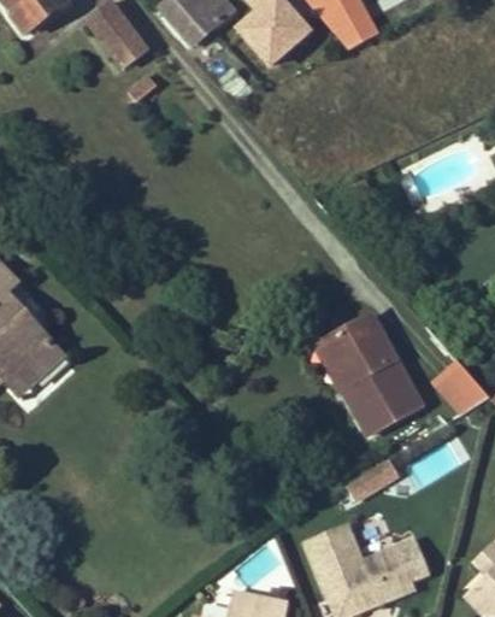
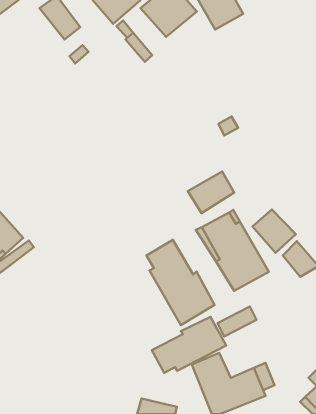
building: none -> [188,172,234,213]
building: none -> [252,210,296,253]
building: none -> [147,240,215,325]
building: none -> [152,317,226,373]

